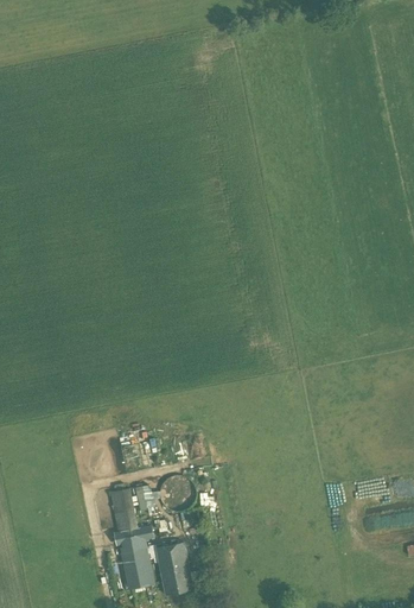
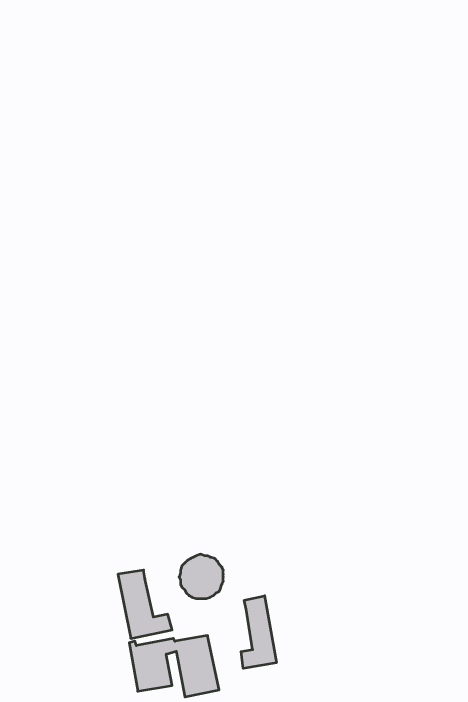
building: none -> [241,596,276,668]

